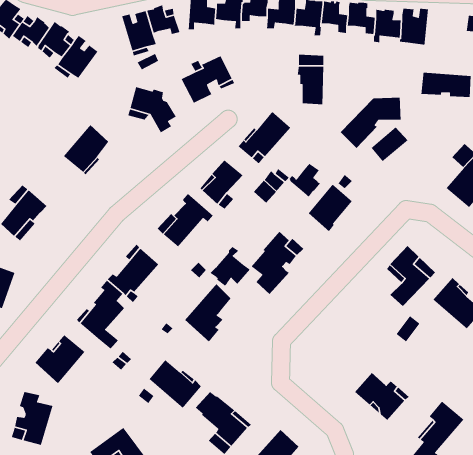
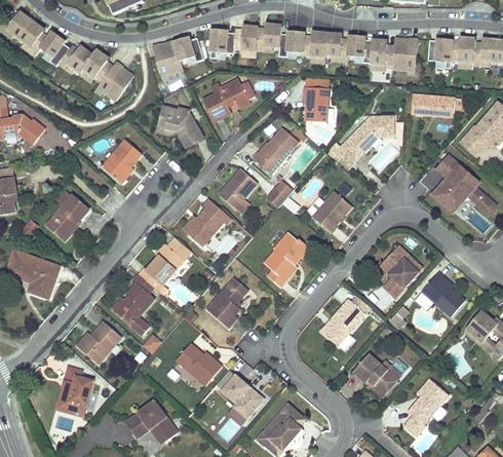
building: none -> [427,37,452,68]
building: [288,163,321,198] -> none
building: [209,246,251,287] -> none
building: none -> [320,298,366,345]

